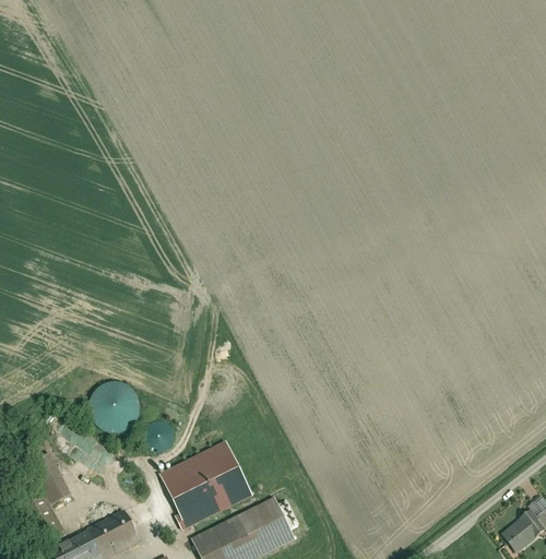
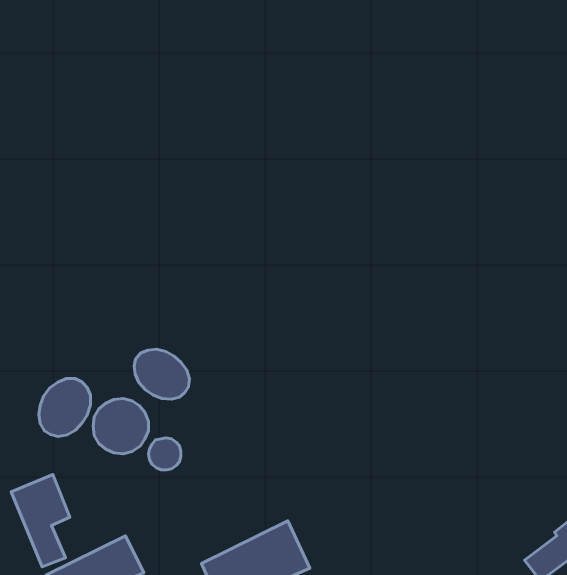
building: none -> [134,349,190,399]
building: none -> [39,378,91,436]
building: [161,442,253,528] -> none

